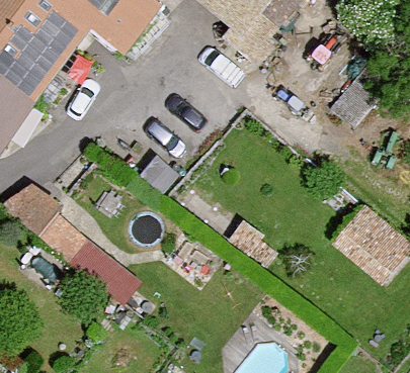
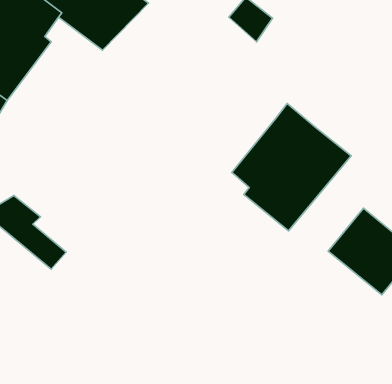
building: none -> [232,103,351,231]

